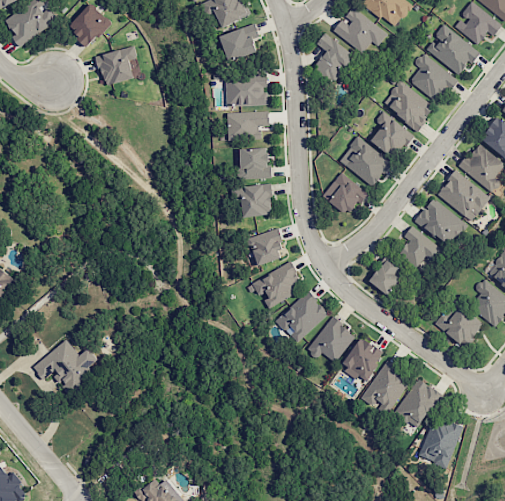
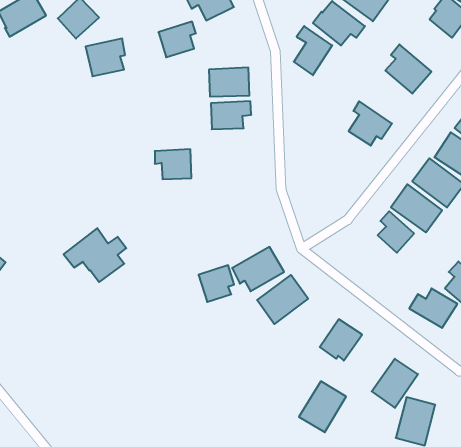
building: [425,23,480,75] -> none
building: [220,24,259,61] -> [158,22,196,57]
building: [382,80,434,130] -> none
building: [339,136,391,186] -> none
building: [239,147,270,178] -> none
building: [321,172,366,216] -> none
building: [234,185,272,216] -> [155,149,191,179]
building: [247,228,284,266] -> [198,265,234,302]
building: [369,257,400,295] -> none
building: [308,316,355,362] -> none
building: [32,339,97,395] -> [64,228,126,282]
building: [361,362,410,415] -> [299,381,346,432]

